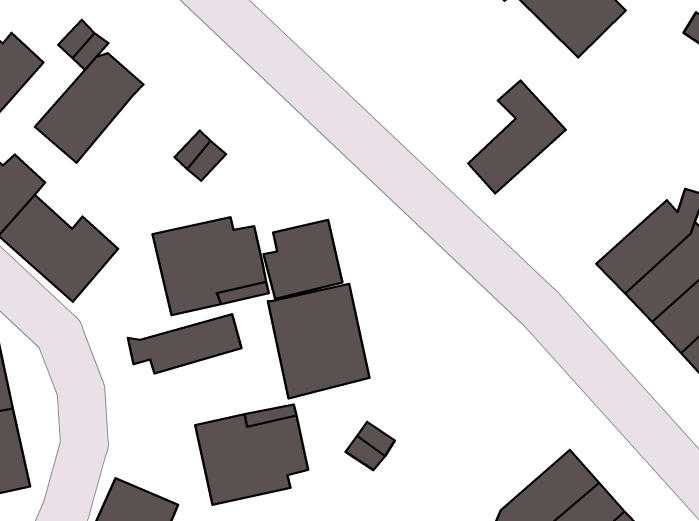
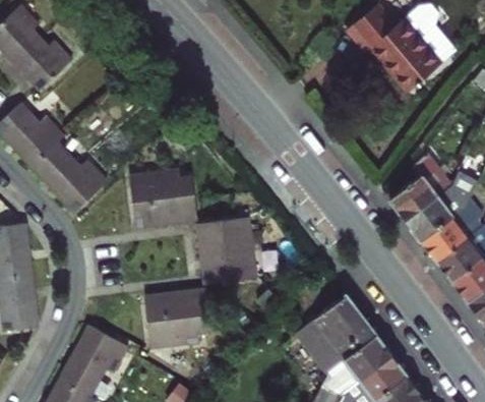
building: [35,53,144,163] -> none
building: [468,81,566,194] -> [388,151,451,220]
building: [264,220,342,299] -> none
building: [128,314,242,373] -> none
building: none -> [300,294,376,368]

